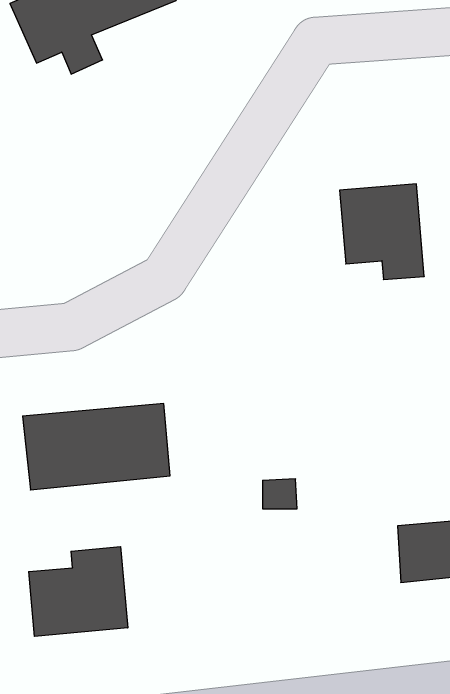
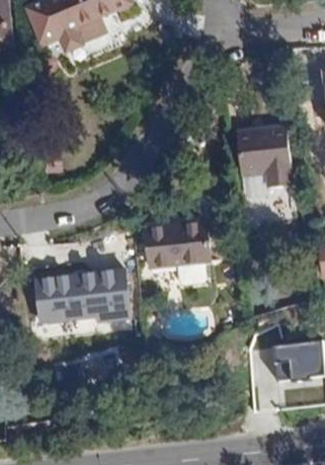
building: none -> [141,221,212,269]
building: [29,547,128,636] -> none

